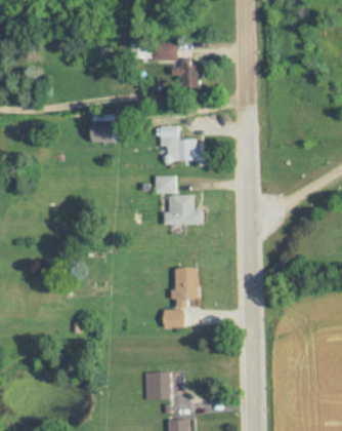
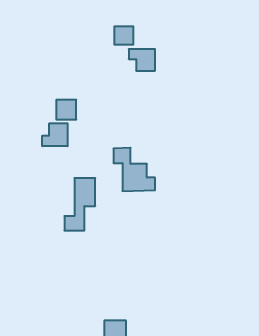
building: [159,127,203,160] -> none
building: none -> [42,123,68,146]
building: [163,267,198,326] -> [64,178,95,231]

